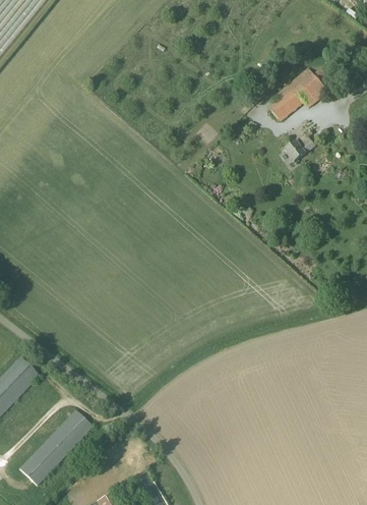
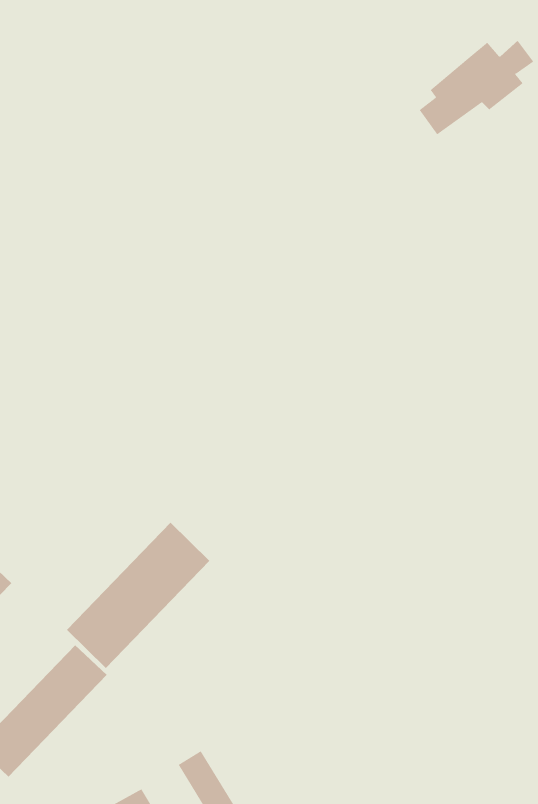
building: [284,130,314,161] -> none
building: none -> [66,522,210,669]

